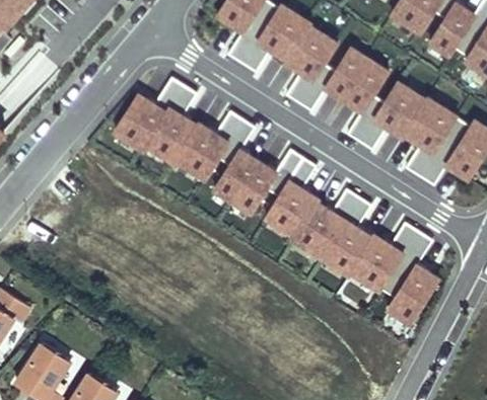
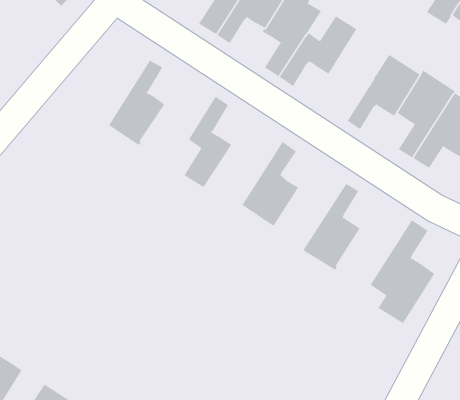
building: [343,60,387,142] -> none
building: [113,78,183,151] -> none
building: [175,112,241,179] -> none
building: [231,152,301,214] -> none
building: [291,189,358,257] -> none
building: [350,223,417,291] -> none

